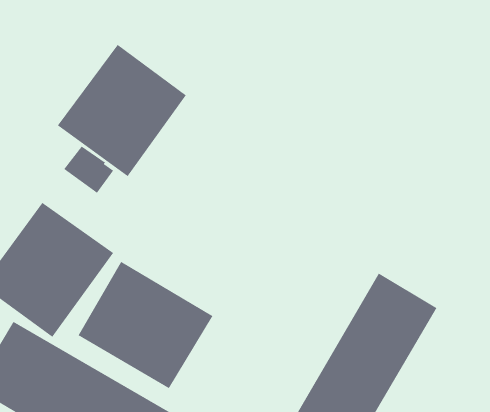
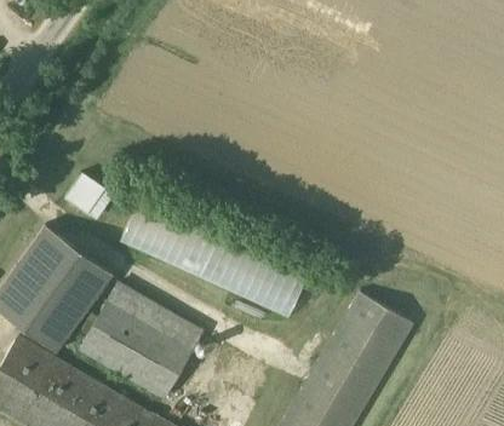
building: [57,44,187,177] -> none
building: none -> [115,200,307,313]

